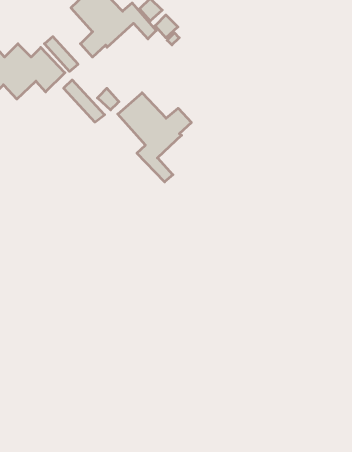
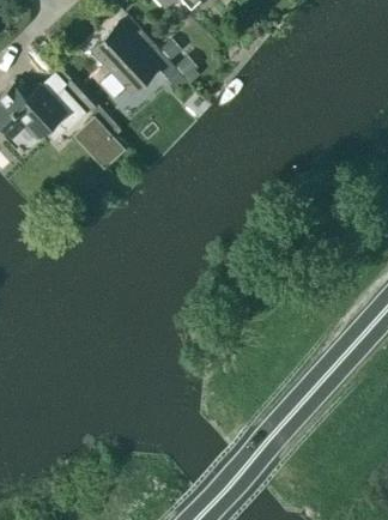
building: [118,93,191,182] -> none

